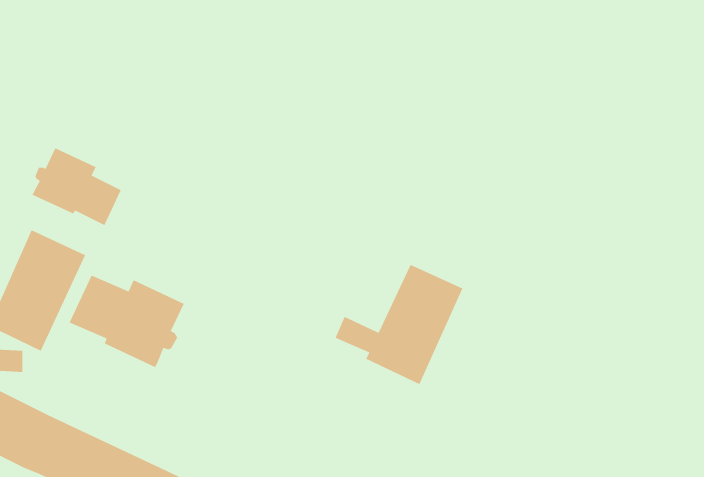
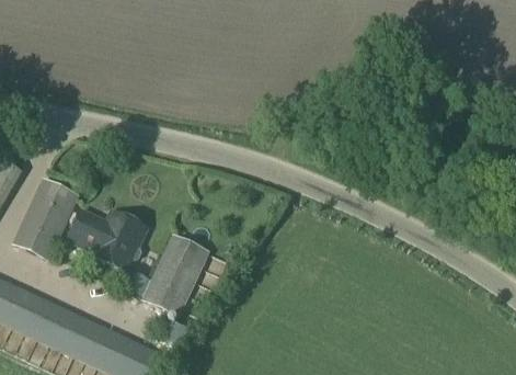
building: [32,147,122,226] -> none
building: [334,264,464,385] -> [121,234,208,316]

